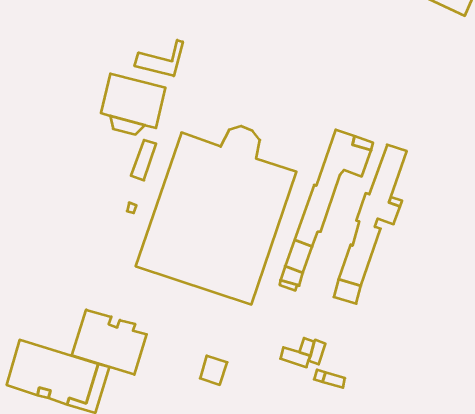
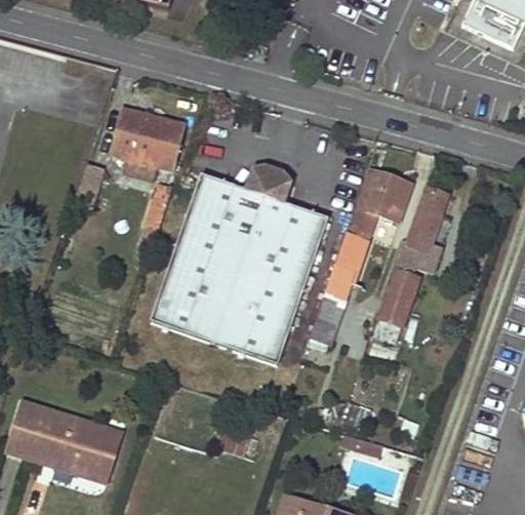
building: [135,40,183,76] -> none
building: [72,310,147,375] -> none

